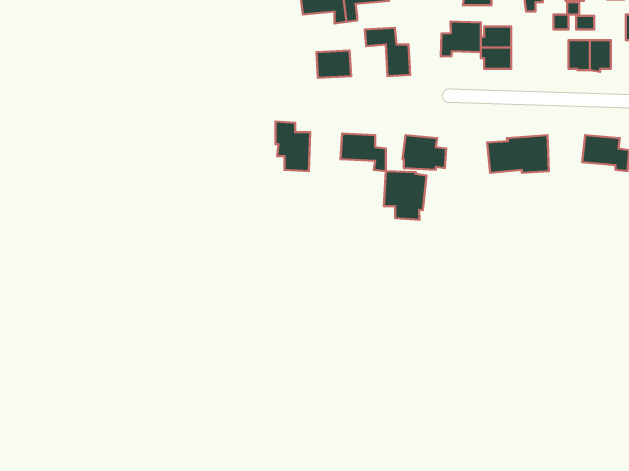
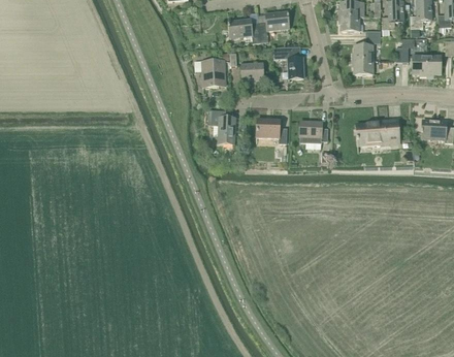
building: [441,22,481,56] -> none
building: none -> [201,59,224,86]
building: [384,171,427,220] -> none

